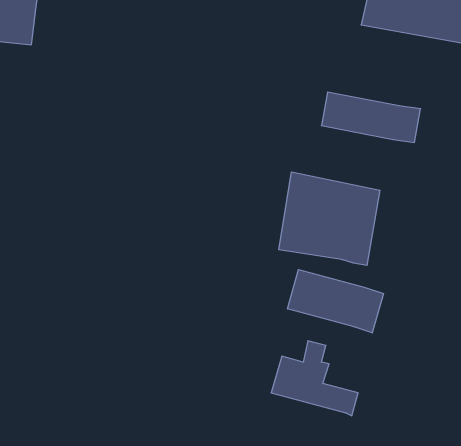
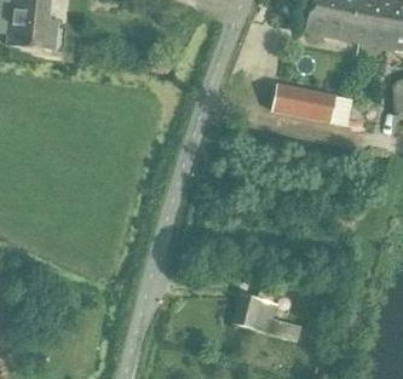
building: [279,172,380,265] -> none
building: [287,270,383,333] -> none

